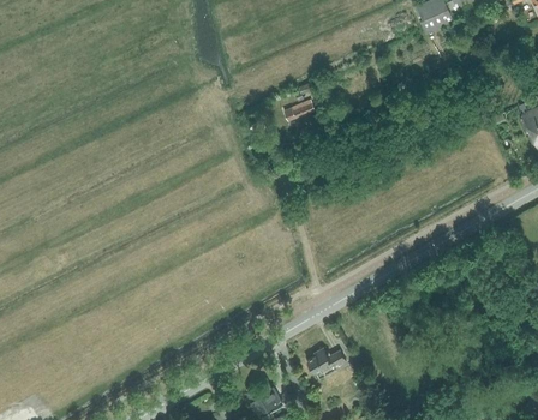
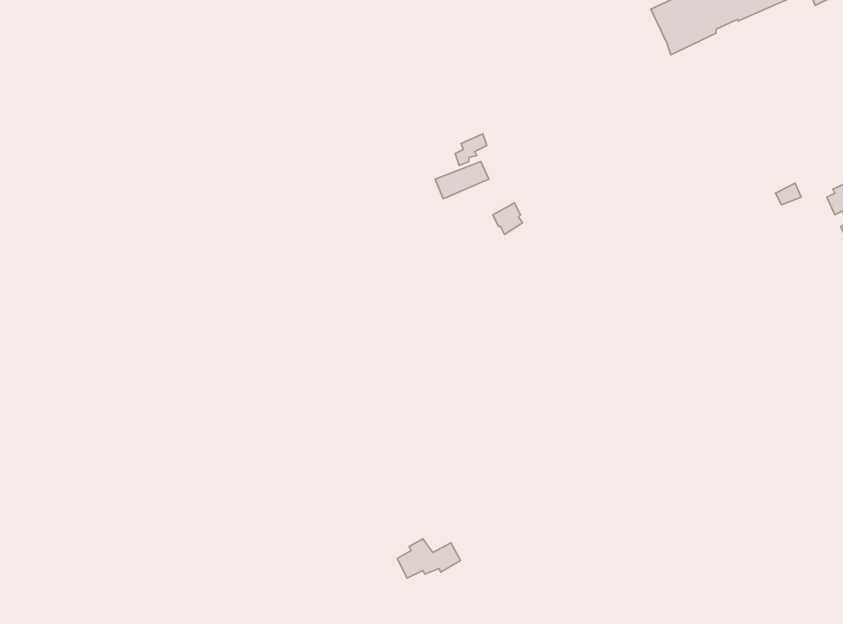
building: [307,349,346,373] -> [397,539,461,578]

